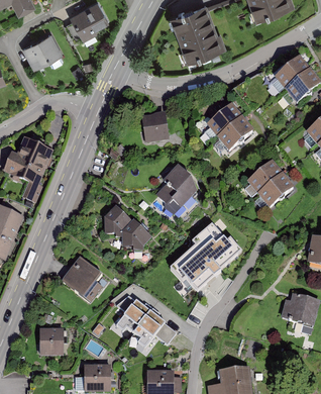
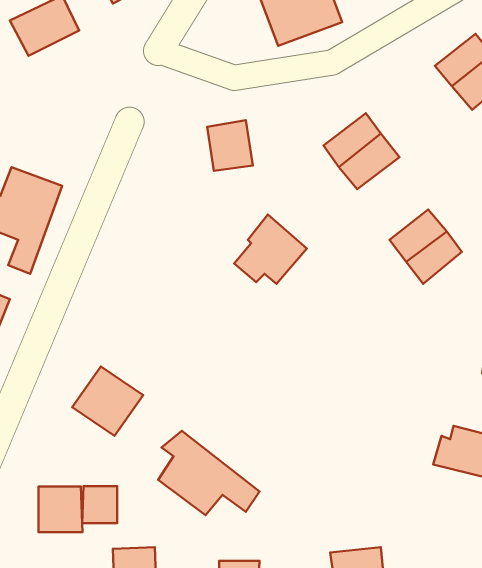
building: [107,208,152,249] -> none
building: [167,223,241,290] -> none
building: none -> [82,486,117,523]

